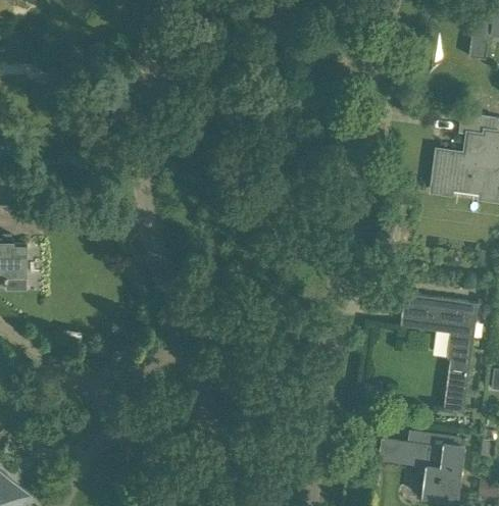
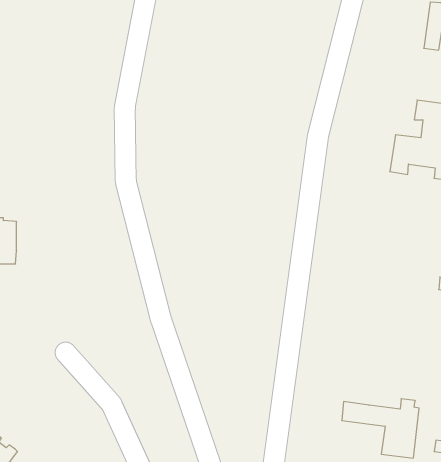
building: [399,294,478,411] -> none

